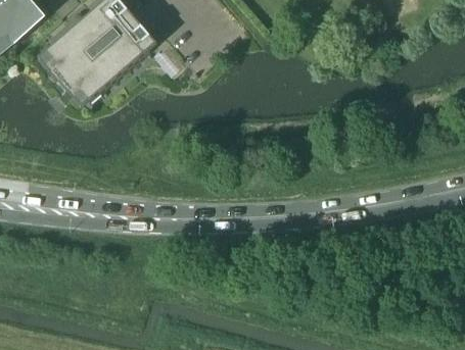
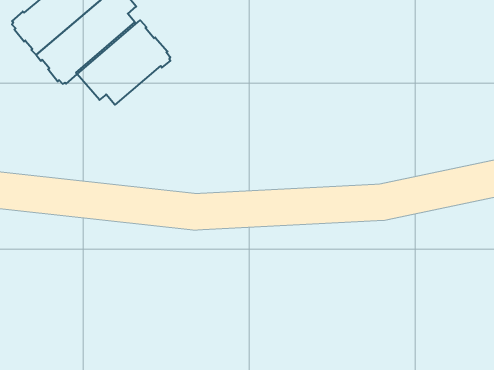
building: none -> [77,20,170,105]

